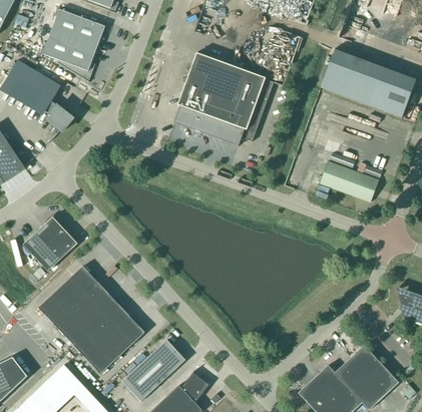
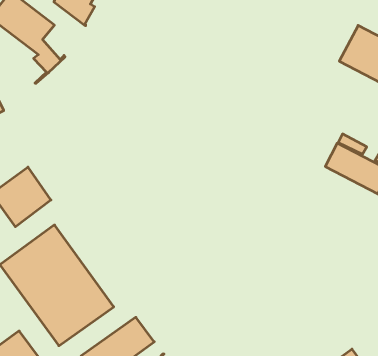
building: [173,53,275,146] -> none

